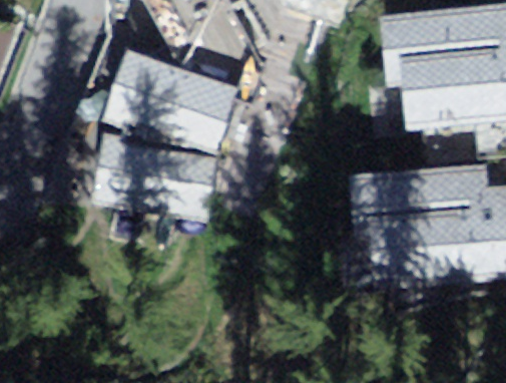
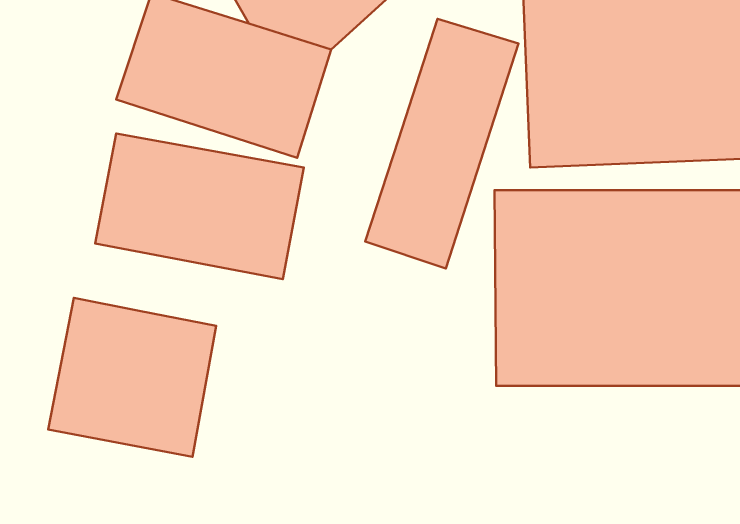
building: none -> [365,19,518,269]
building: none -> [48,298,216,457]

